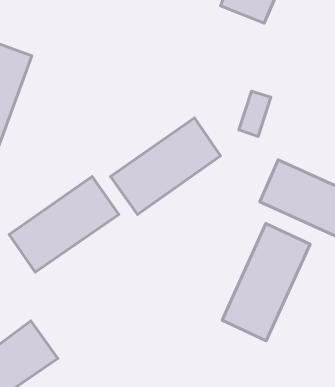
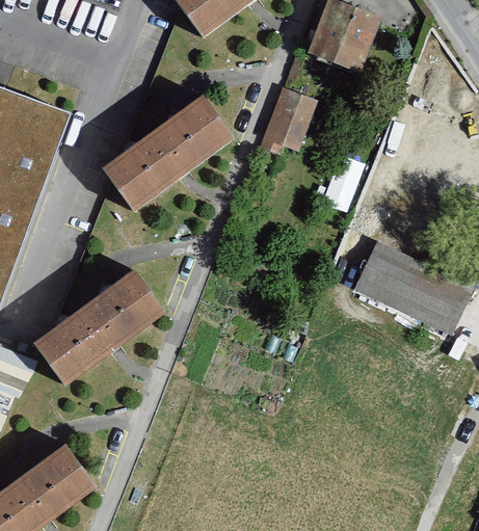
building: none -> [259,88,316,154]
building: [111,118,220,214] -> [99,96,235,215]
building: [222,224,310,341] -> none

